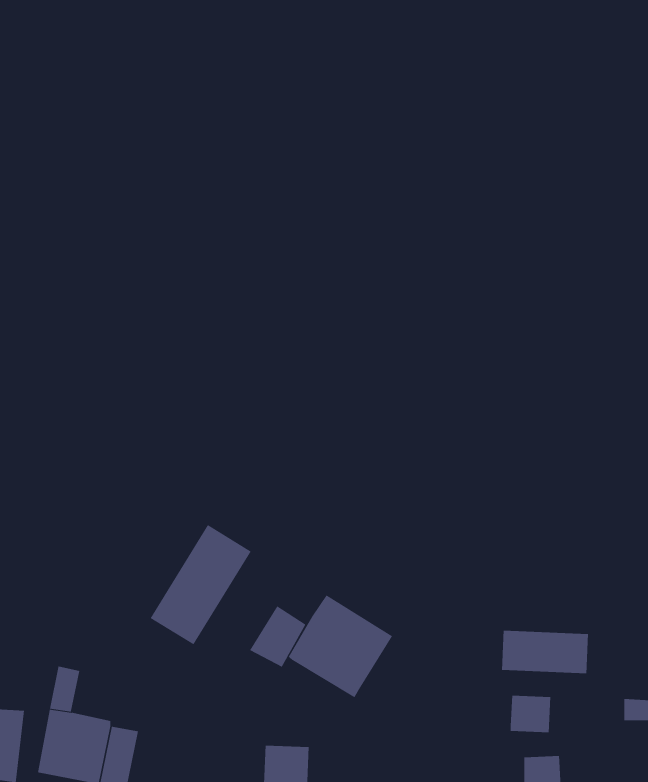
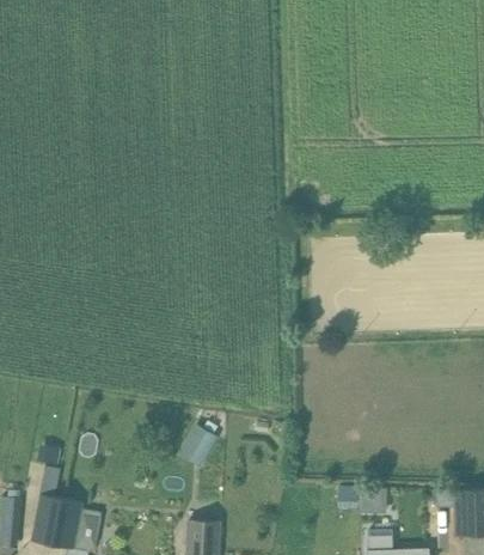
building: [150,524,251,645] -> none
building: [288,595,393,698] -> none
building: [501,630,589,674] -> none

